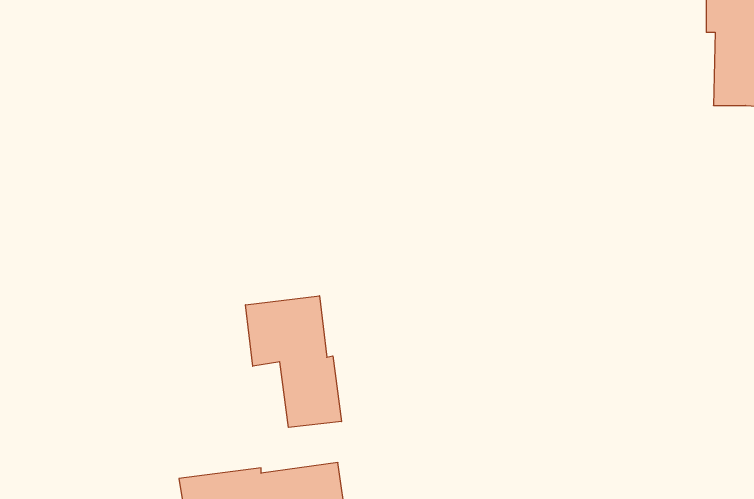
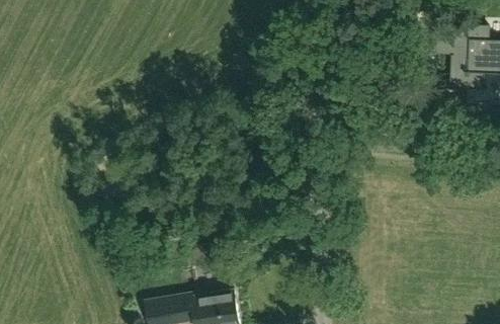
building: [246,296,341,427] -> none

